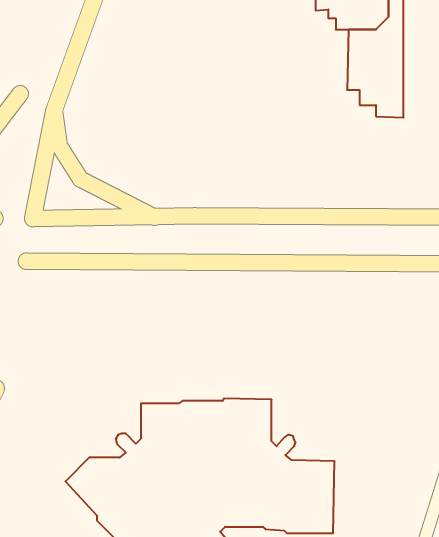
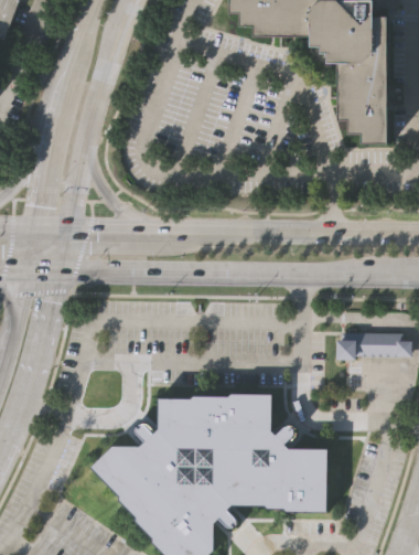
building: none -> [335,333,410,360]

